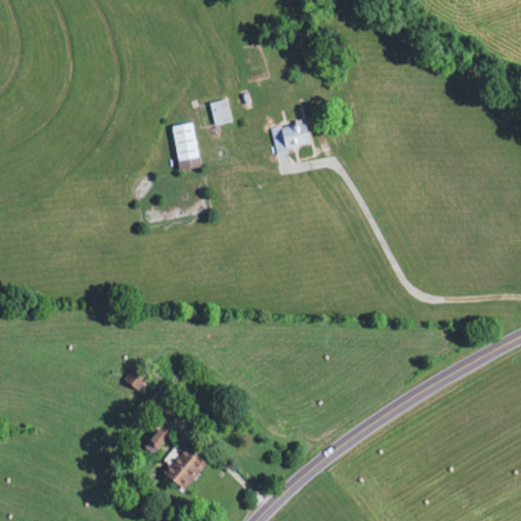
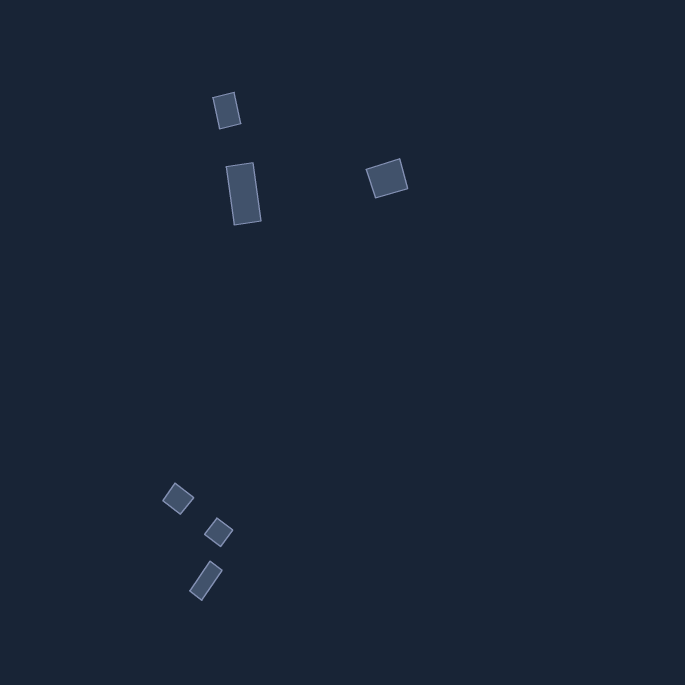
building: [211,99,232,126] -> [213,92,241,129]
building: [163,445,207,488] -> none

